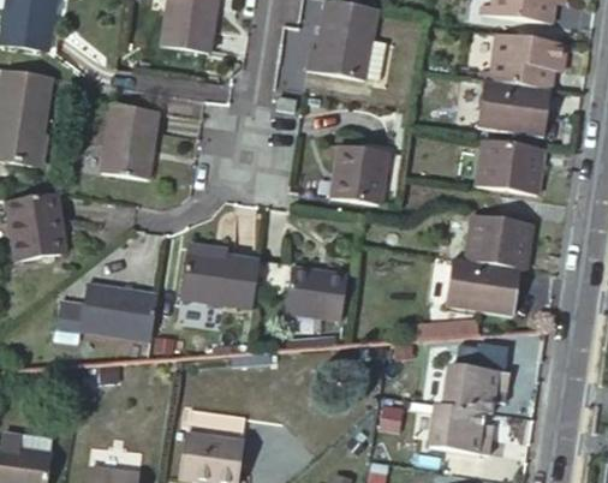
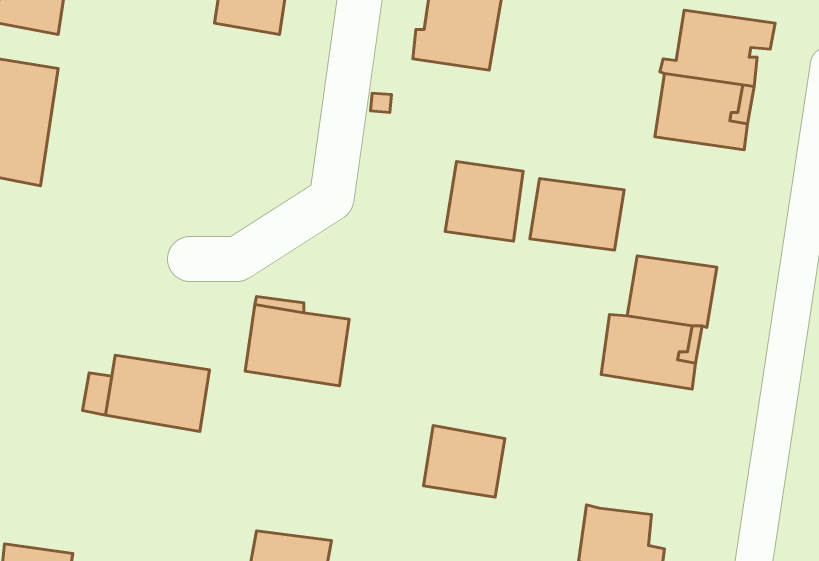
building: [105,106,159,179] -> none
building: [475,139,544,192] -> [530,179,624,250]
building: [8,195,67,263] -> none
building: [285,266,345,318] -> [423,426,505,497]
building: [445,360,512,409] -> none

